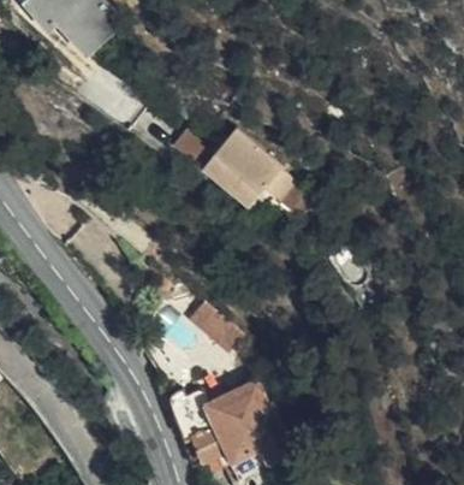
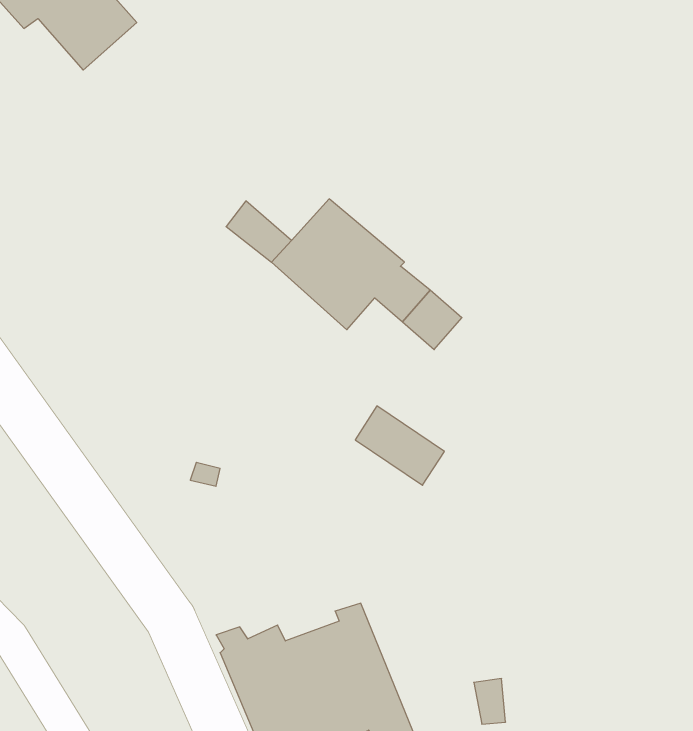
building: [190,302,244,350] -> [355,406,444,485]

